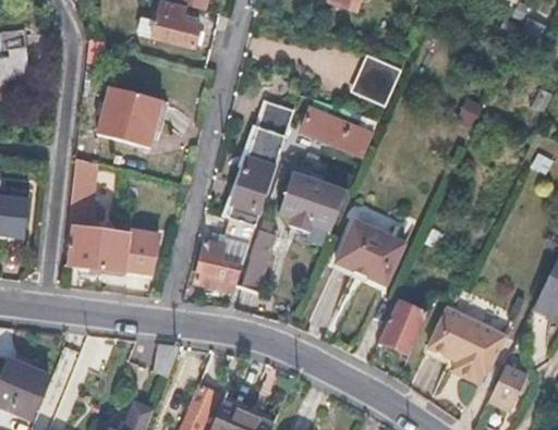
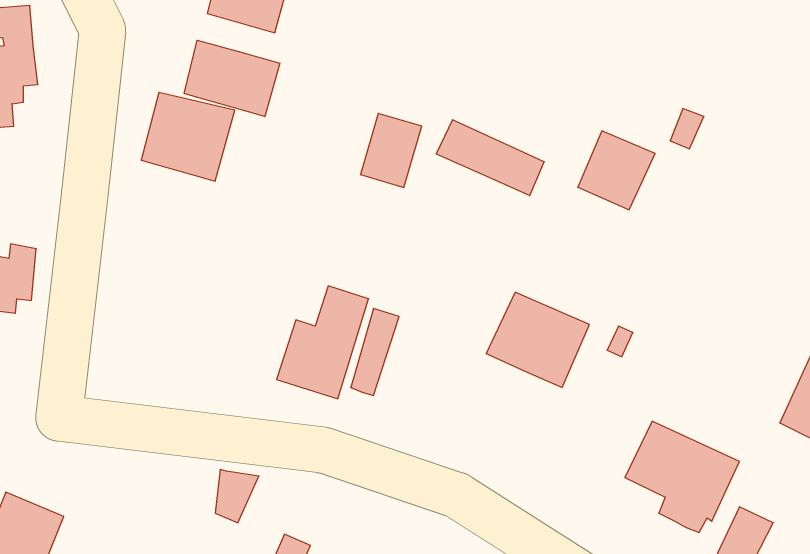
building: none -> [184,40,280,117]
building: [351,52,403,106] -> [578,131,655,210]
building: [228,142,279,225] -> none
building: [66,156,161,274] -> none
building: [281,171,350,228] -> none
building: [380,302,427,355] -> none

